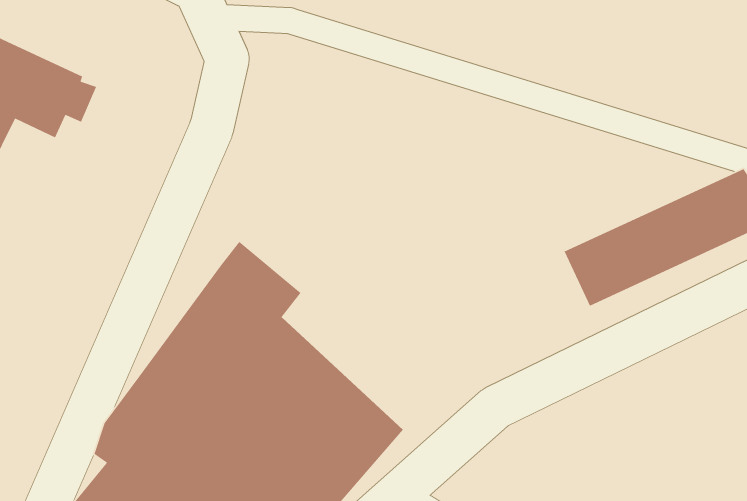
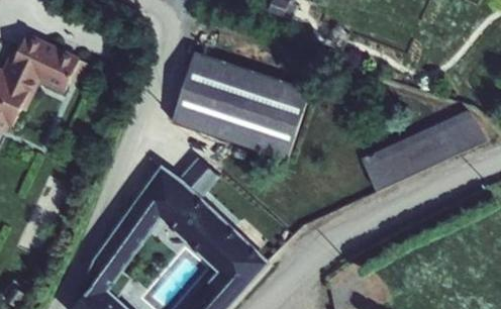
building: none -> [169,53,307,152]

